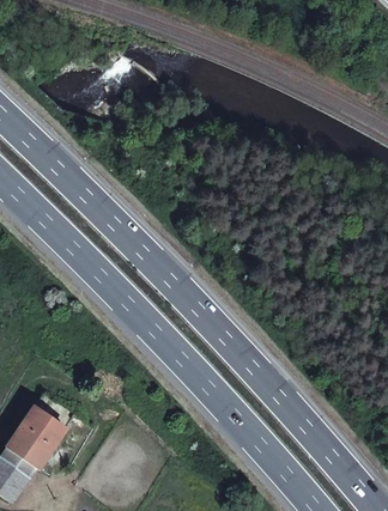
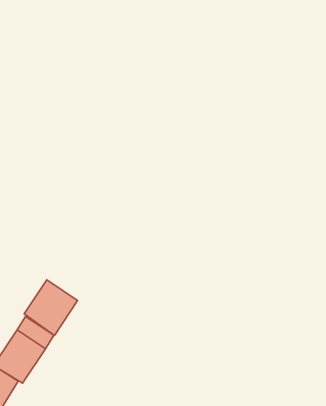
building: none -> [24,280,77,336]

